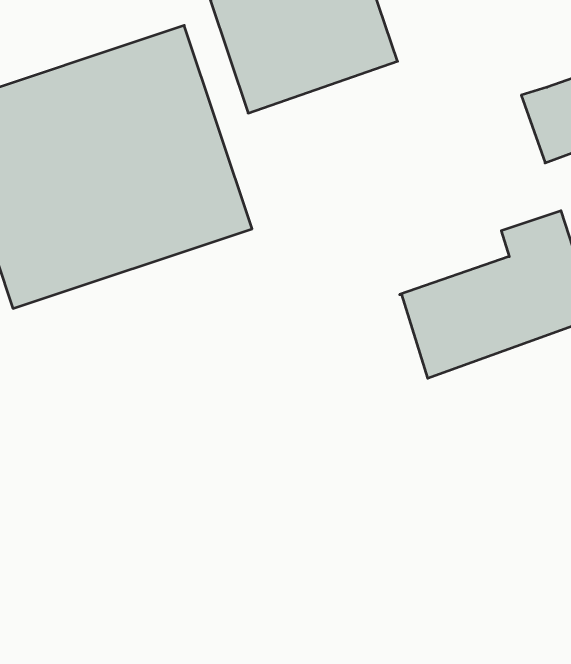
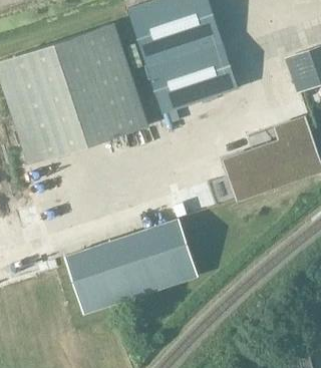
building: none -> [147,42,238,113]
building: none -> [65,219,198,314]

